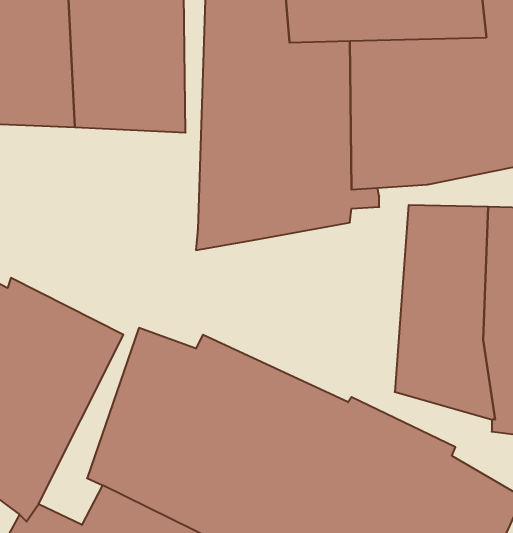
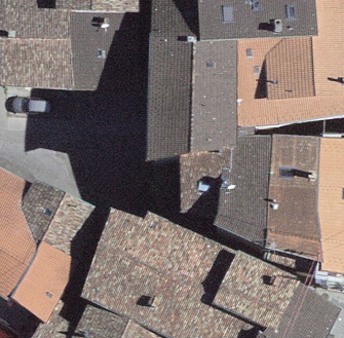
building: none -> [180,136,271,247]

